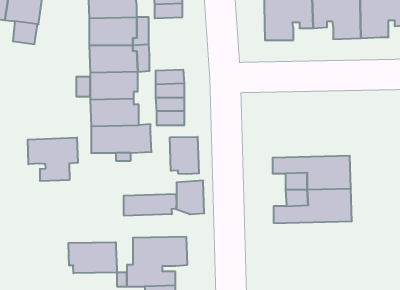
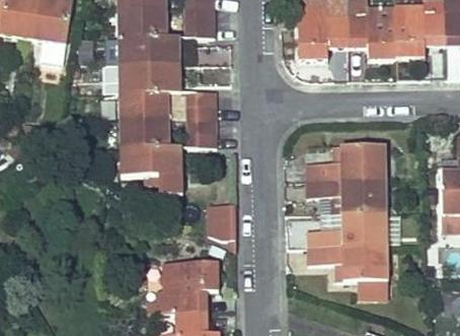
building: none -> [306,144,386,181]
building: [170,137,199,174] -> none
building: [28,137,78,181] -> none
building: [124,194,176,216] -> none
building: none -> [308,246,389,296]
building: [68,242,117,273] -> none

